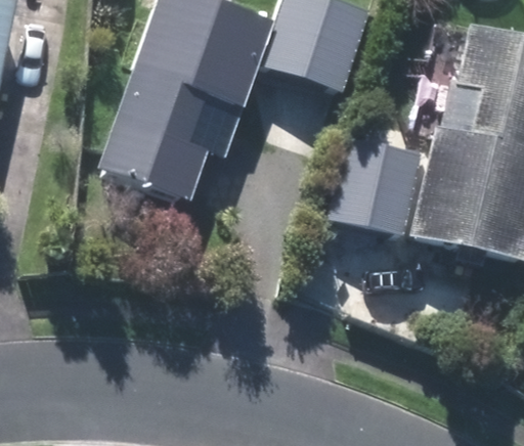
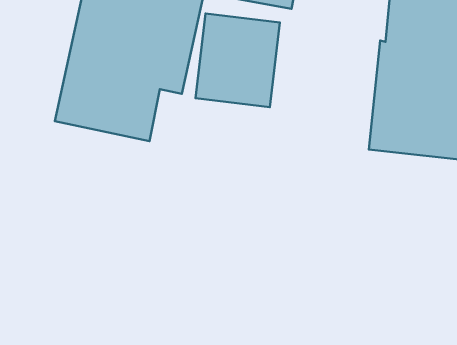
building: [331,132,424,233] -> [196,14,280,107]

